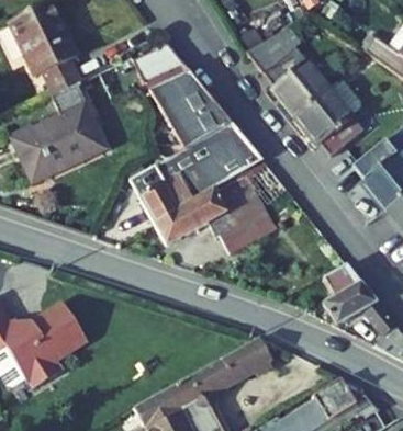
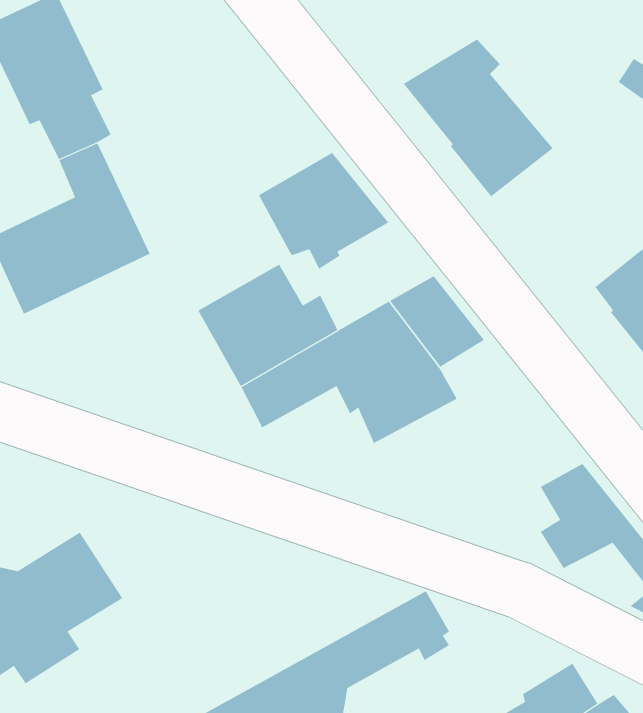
building: [133,43,206,114] -> none
building: [295,75,365,156] -> none
building: [177,129,264,190] -> none

